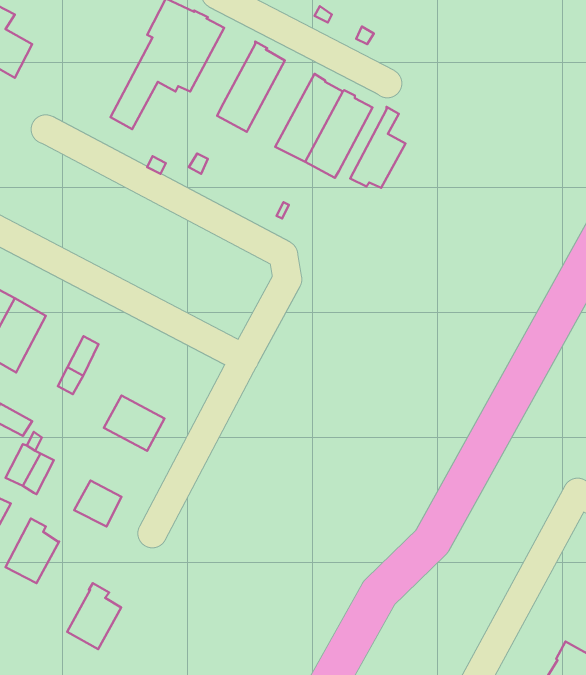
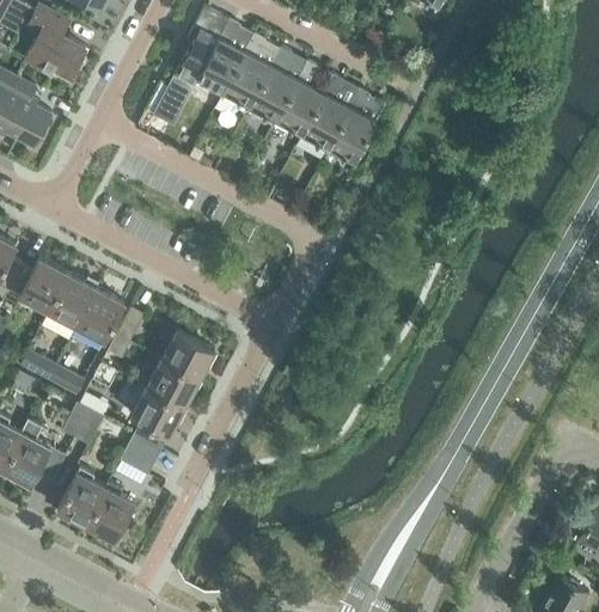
building: none -> [221,32,281,104]
building: [350,107,405,188] -> [275,60,324,131]
building: none -> [72,288,124,349]
building: none -> [163,331,215,379]
building: none -> [133,387,185,448]
building: [67,583,121,649] -> [87,482,135,540]

